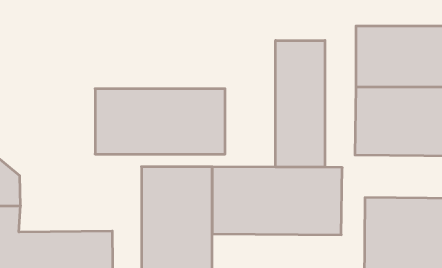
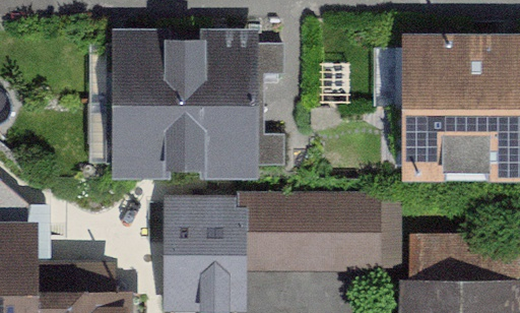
building: none -> [112,32,258,107]
building: [276,40,325,167] -> none

